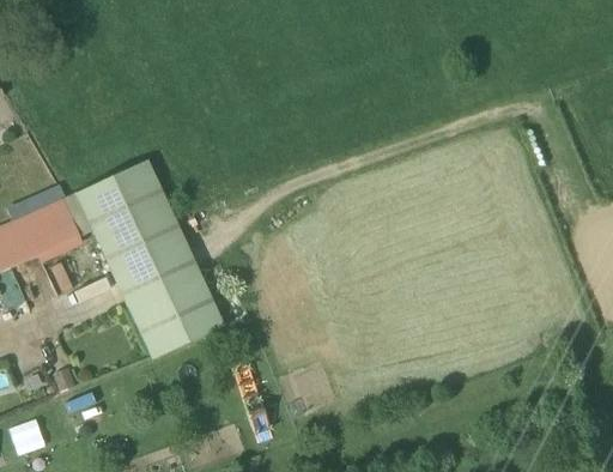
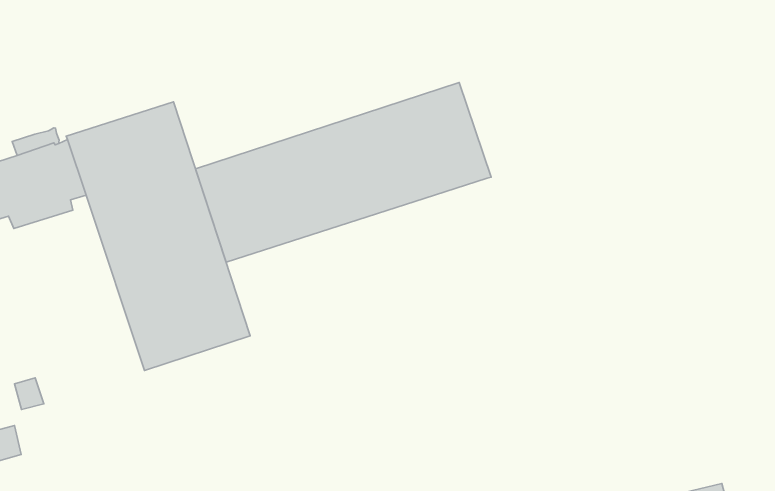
building: none -> [196,82,491,262]

